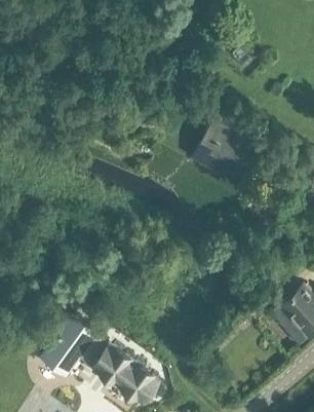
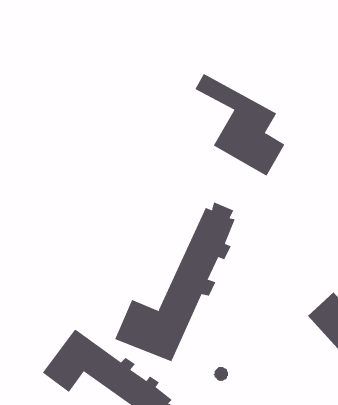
building: none -> [113,202,236,362]

